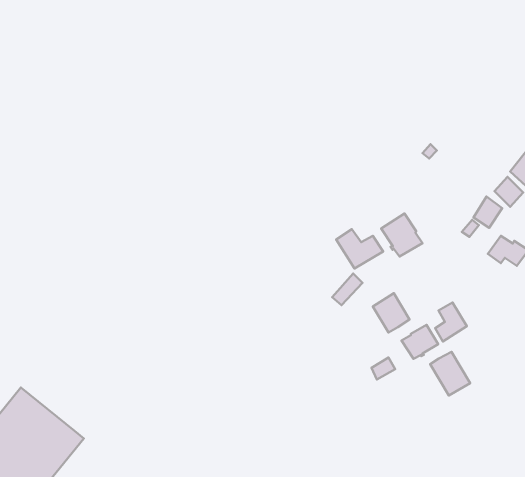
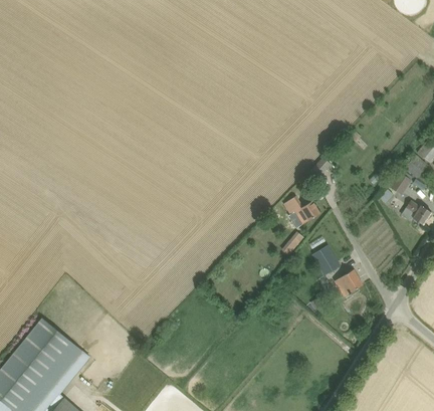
building: [381,213,422,257] -> none
building: [435,302,467,342] -> none
building: [430,352,470,395] -> none

